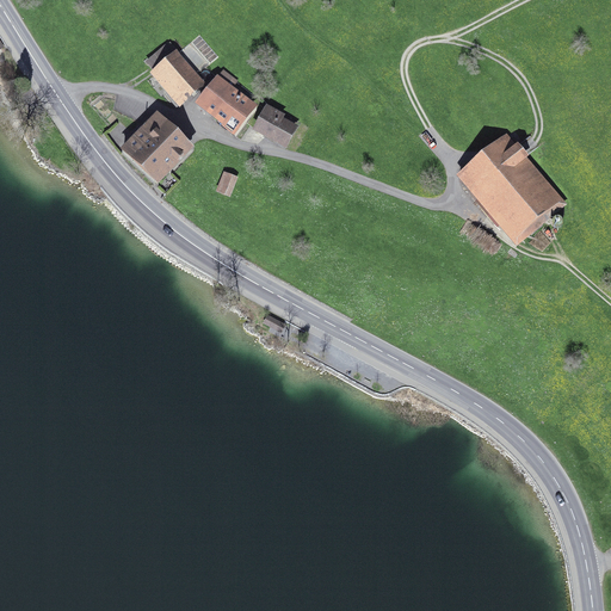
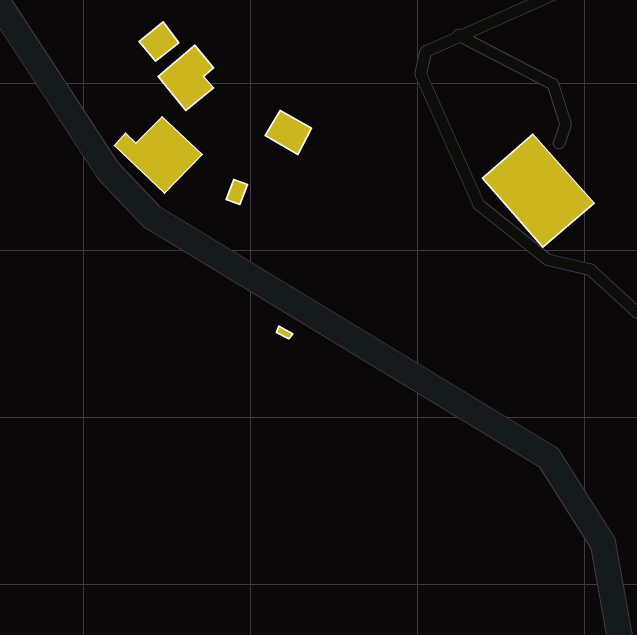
building: none -> [139,22,179,61]
building: [196,78,254,132] -> none

